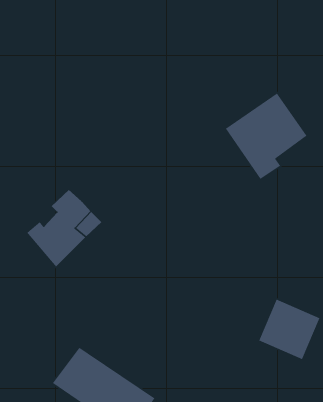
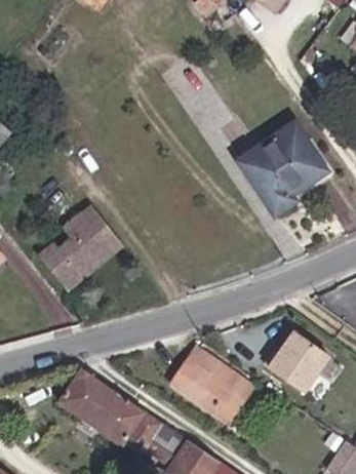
building: none -> [173,345,255,420]

